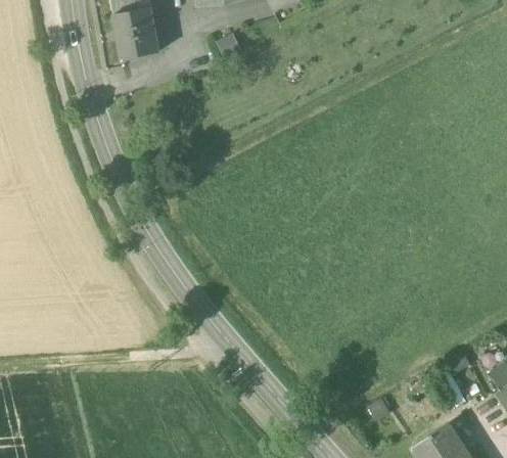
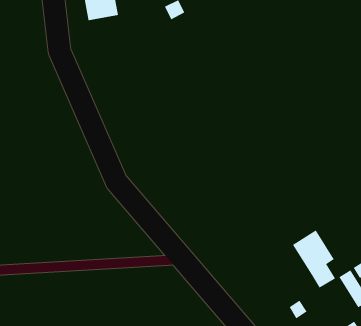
building: none -> [292,230,336,289]

